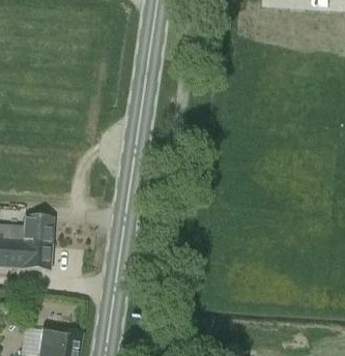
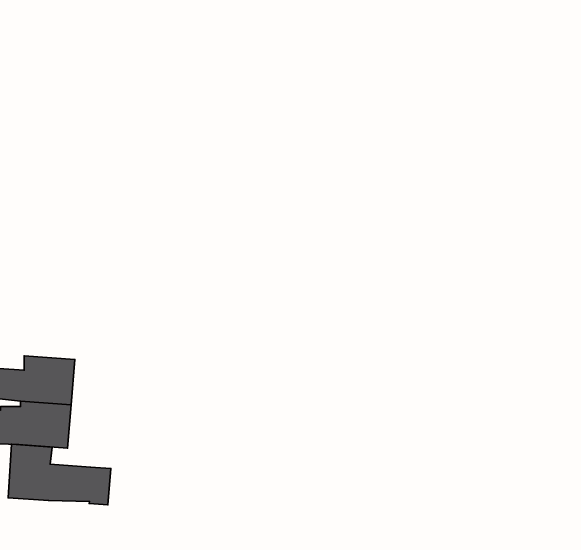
building: none -> [8,444,111,505]

